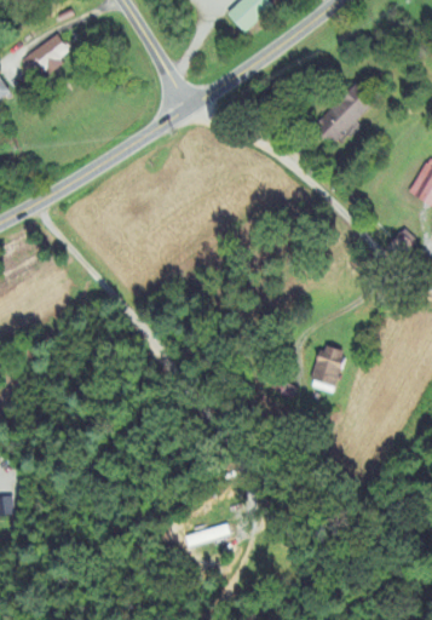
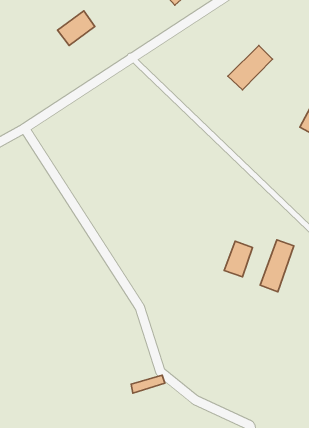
building: [22,33,71,79] -> [57,11,95,46]
building: none -> [260,240,294,292]

